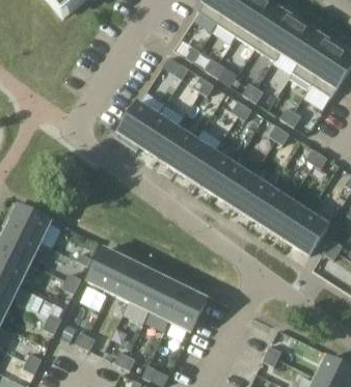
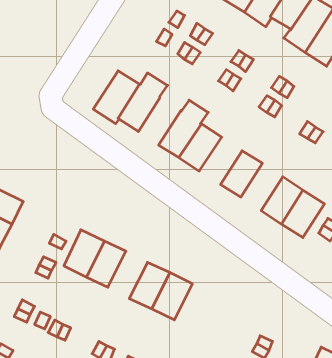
building: [157,126,196,169] -> none
building: [213,162,252,205] -> none
building: [251,186,290,229] -> none
building: [123,267,165,323] -> none

